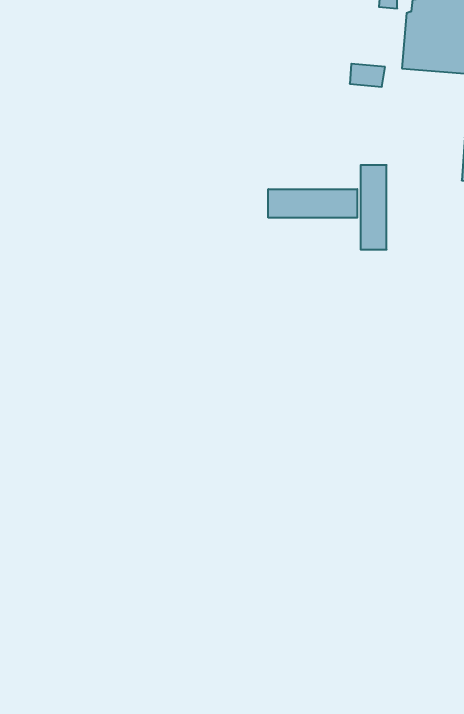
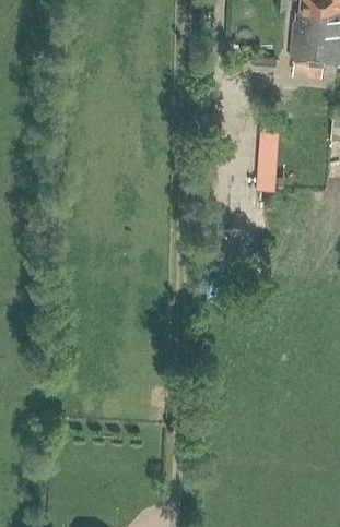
building: [268,189,357,218] -> none

